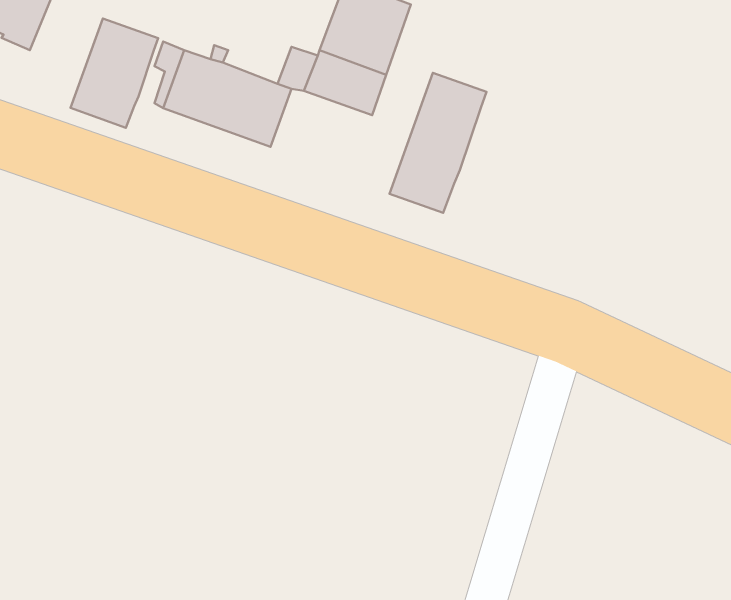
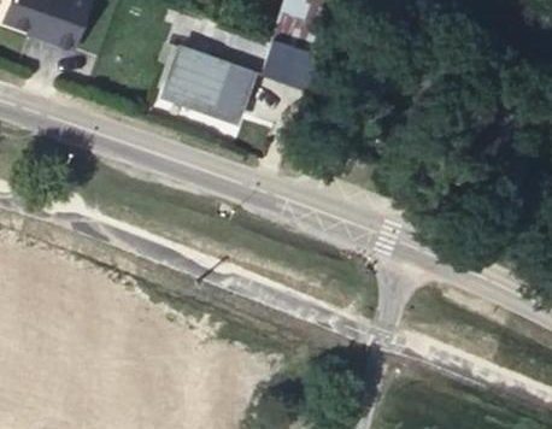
building: [70,18,158,128] -> none
building: [390,73,486,213] -> none

